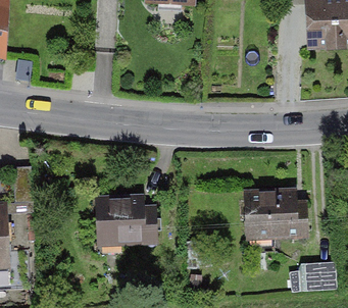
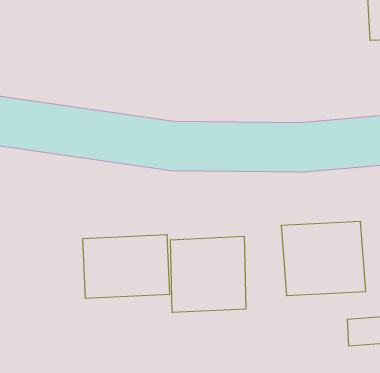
building: none -> [171,236,246,313]

